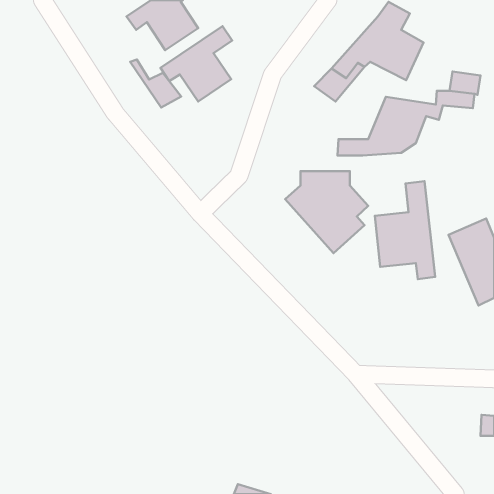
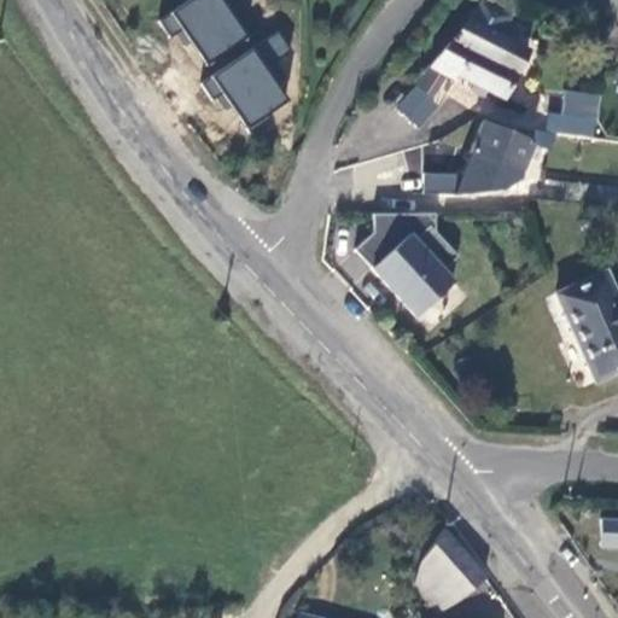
building: [130,59,181,107] -> none
building: [375,181,435,279] -> none
building: none -> [413,530,489,612]

